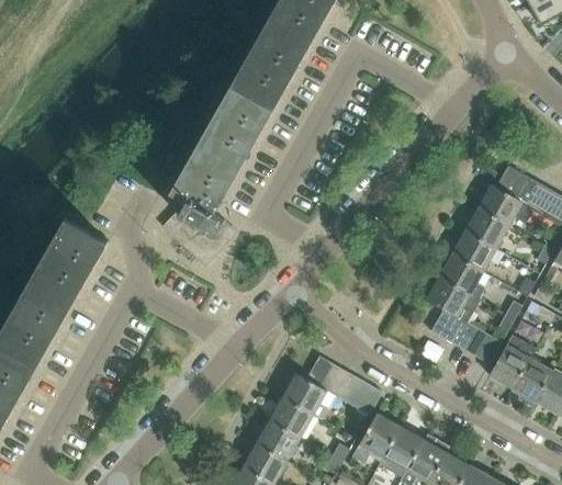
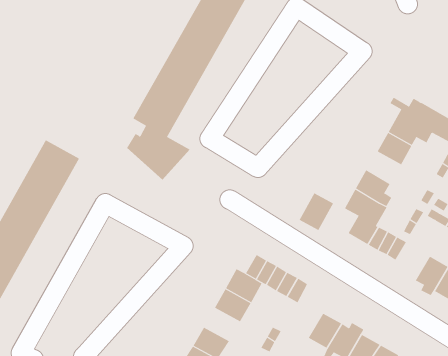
building: [452,232,495,271] -> none
building: none -> [299,193,334,231]
building: [488,335,535,387] -> none
building: [352,413,401,462] -> none
building: [256,420,301,461] -> none

